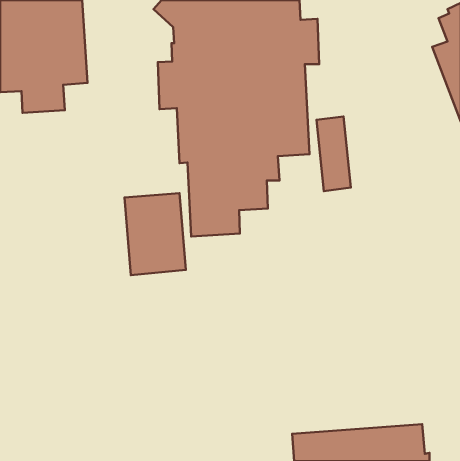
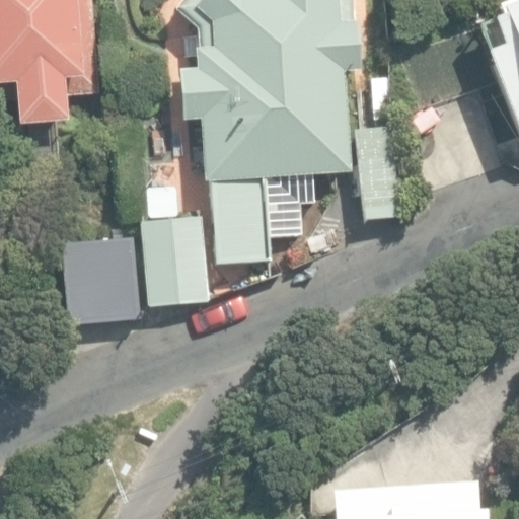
building: none -> [60,237,140,324]

